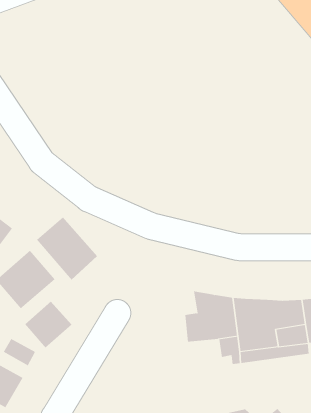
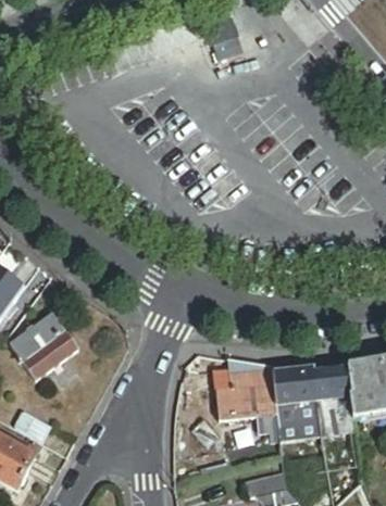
building: [36,216,98,280] -> none
building: [25,301,73,348] -> none

